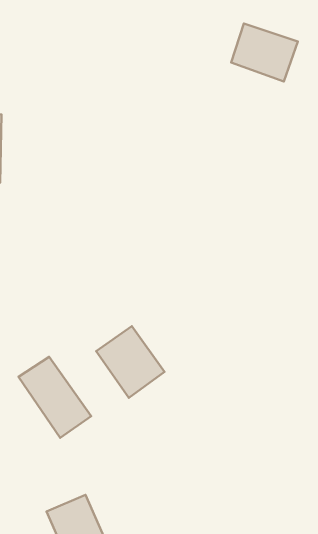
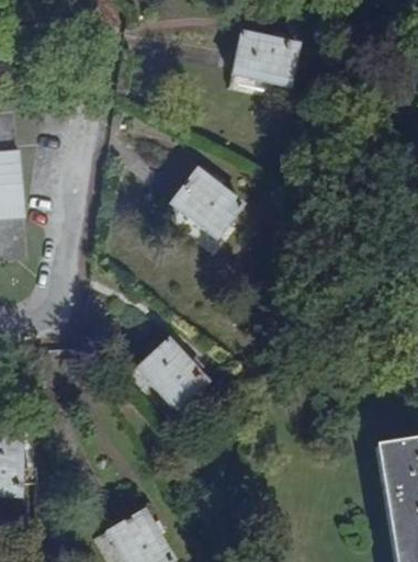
building: none -> [171,168,244,237]
building: [19,357,91,438] -> none

